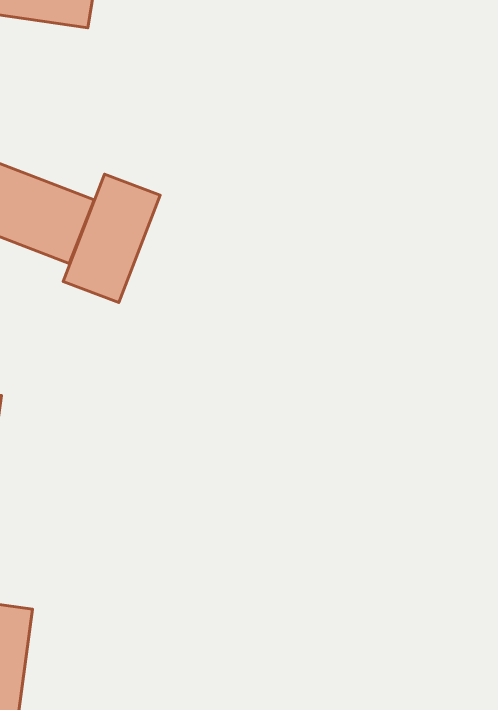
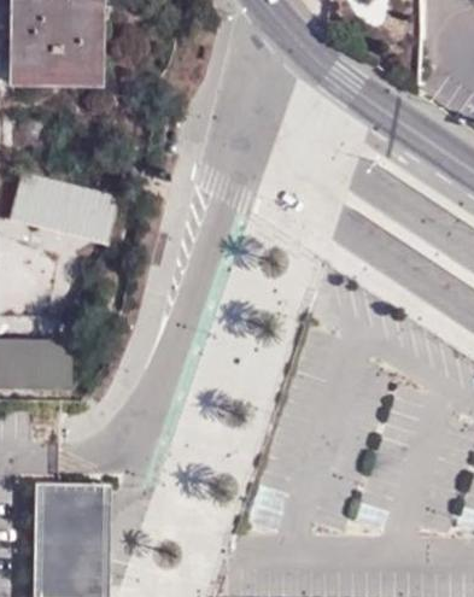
building: [63,174,160,302] -> none

